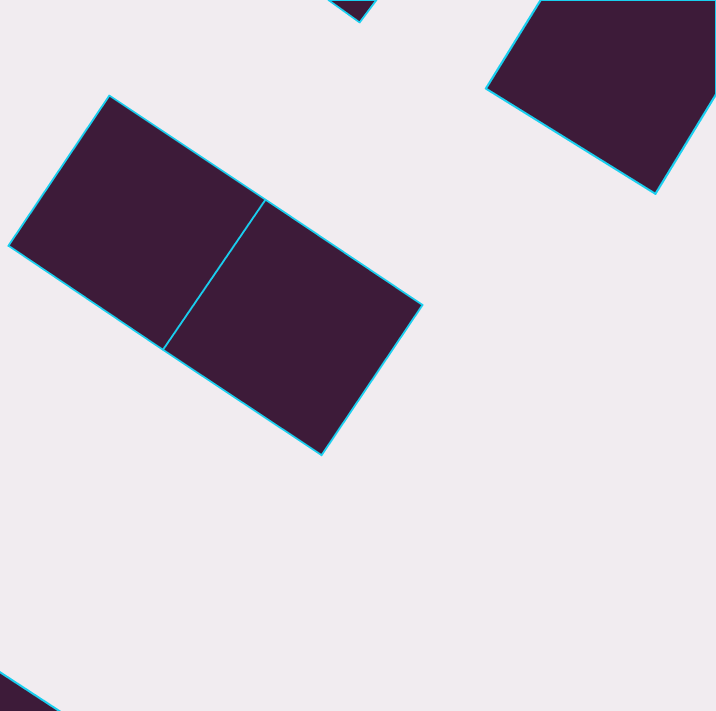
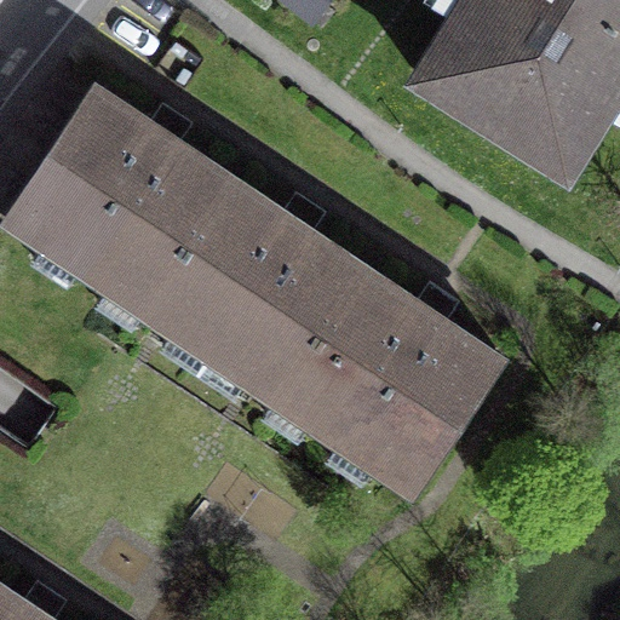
building: none -> [277,269,500,489]

